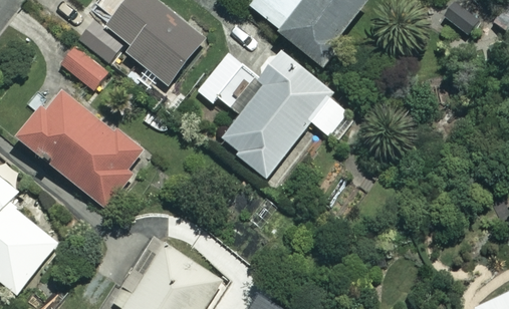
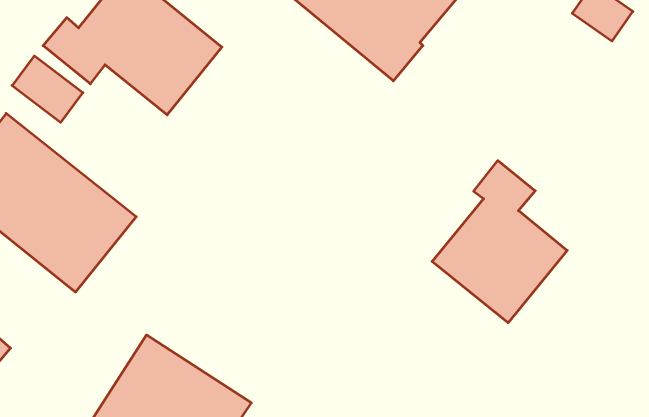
building: [215,49,358,178] -> none
building: none -> [432,161,567,323]

